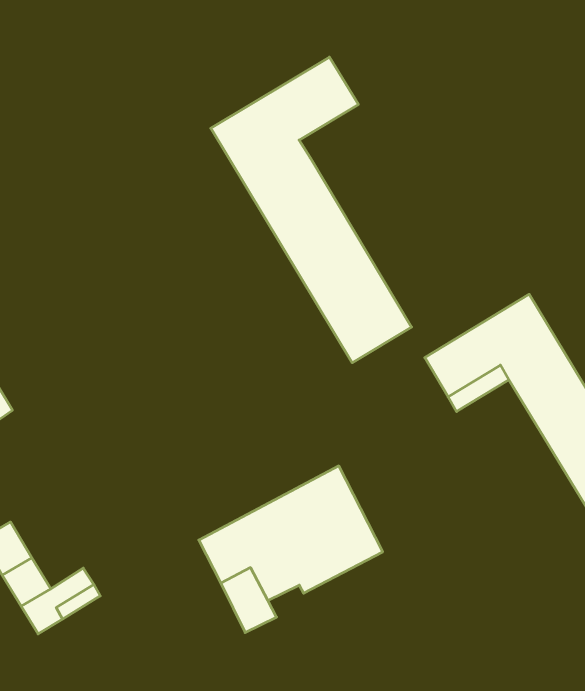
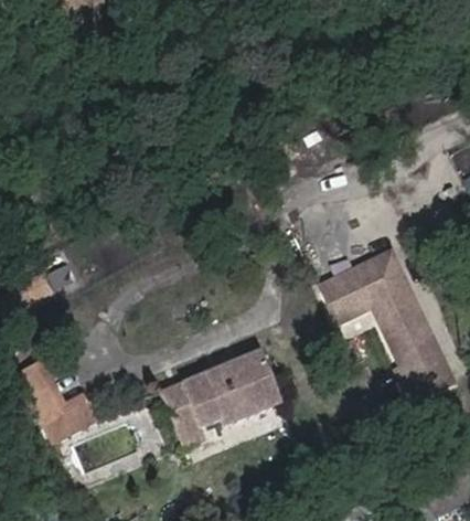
building: [211,57,412,363] -> none

